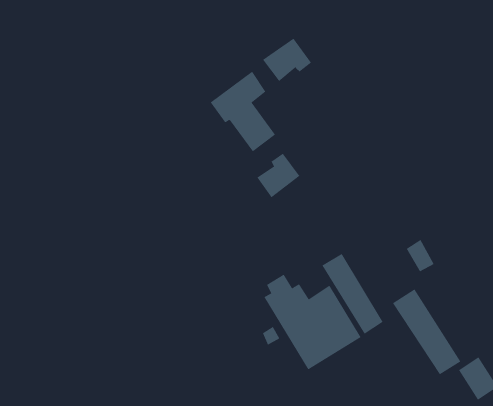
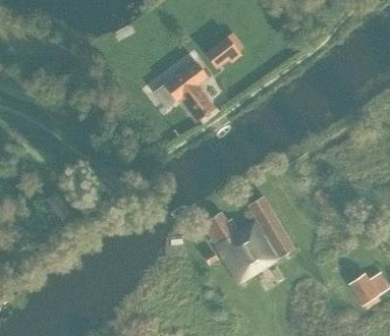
building: [256,153,300,198] -> none
building: [392,288,461,375] -> none

